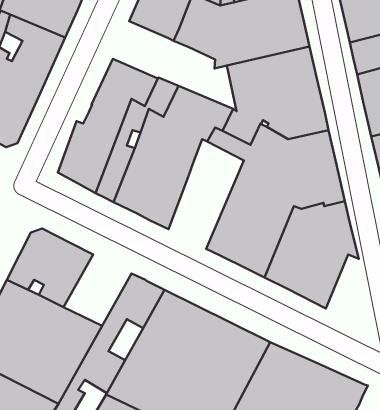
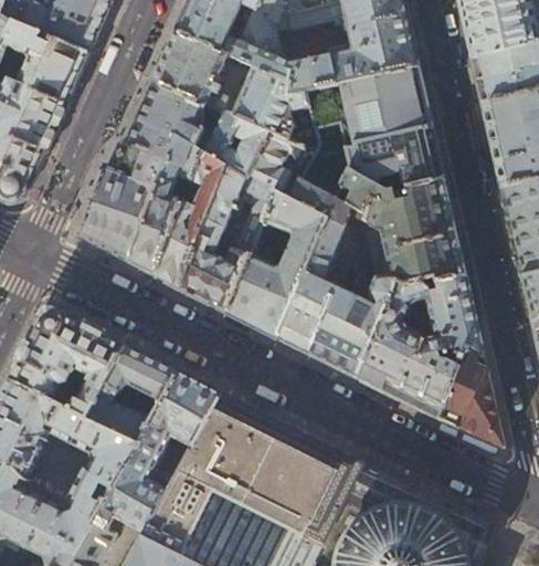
building: none -> [152,33,319,155]
building: none -> [228,192,329,340]
building: none -> [86,348,179,444]
building: none -> [440,348,505,449]

